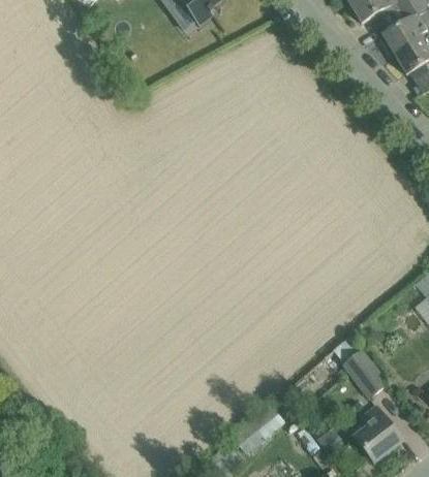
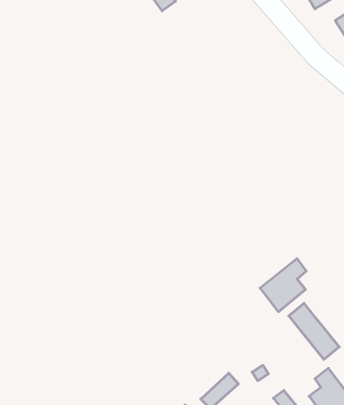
building: none -> [260,259,306,312]

